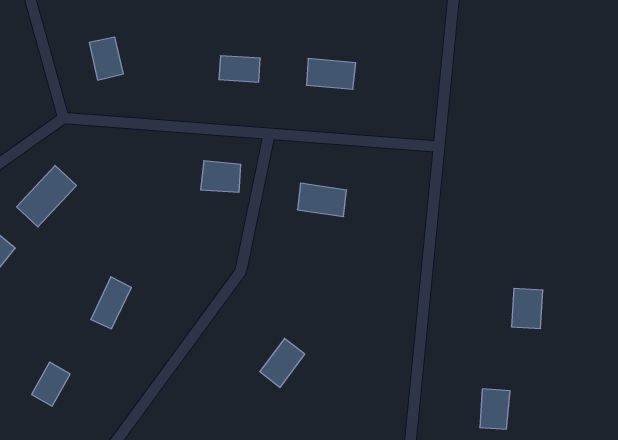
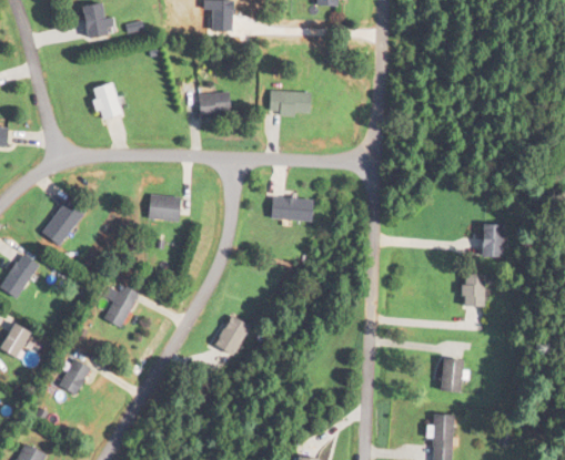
building: [201,161,241,192] -> [151,195,183,219]
building: none -> [476,223,501,255]
building: [260,338,305,387] -> [215,315,252,356]

